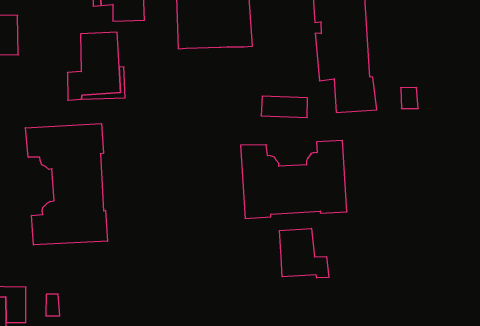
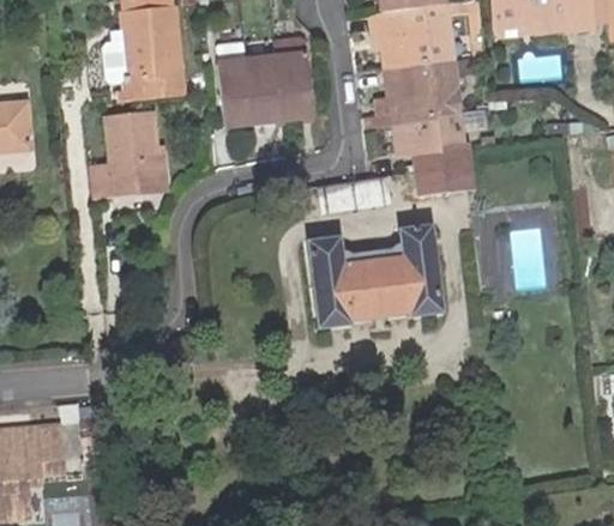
building: [25,124,108,245] -> none
building: [279,228,329,278] -> none

